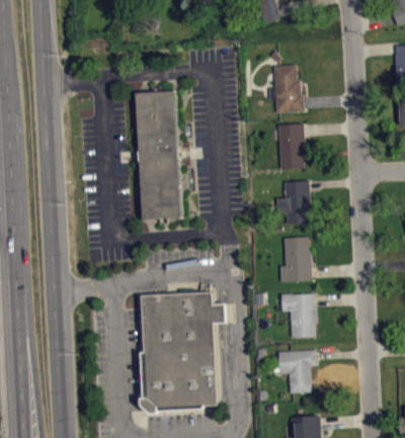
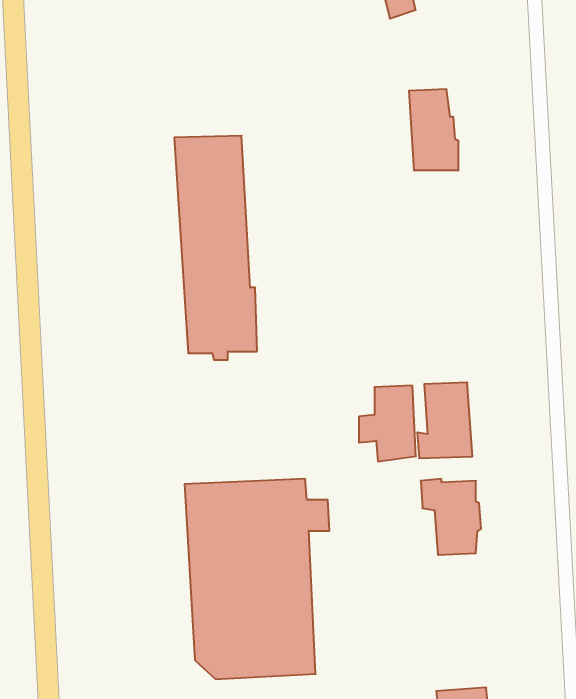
building: [278,123,305,167] -> none
building: [275,180,309,225] -> [359,386,416,461]
building: [277,349,317,391] -> none

